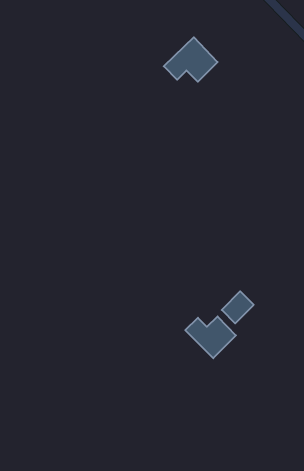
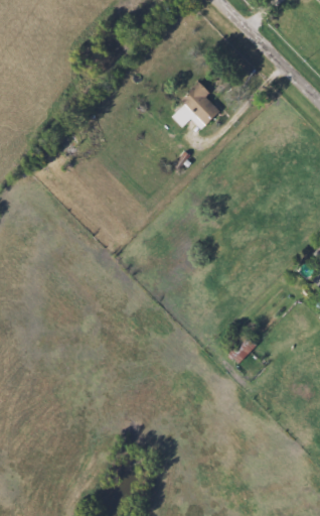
building: [185,316,236,358] -> none

